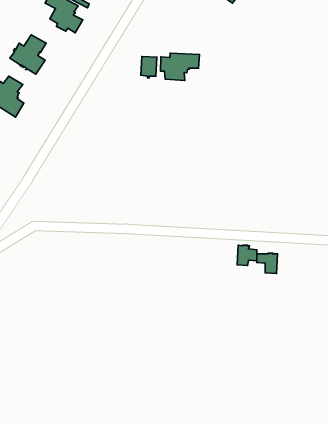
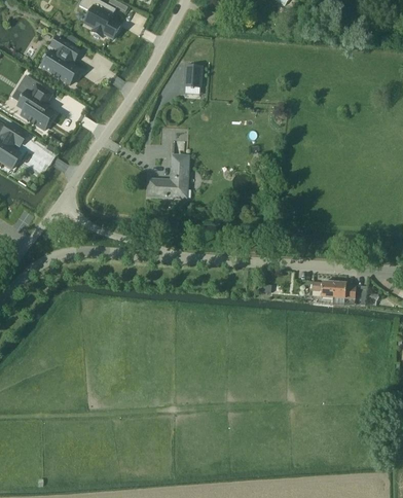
building: [161,53,200,81] -> none
building: none -> [146,153,190,197]
building: [237,245,257,266] -> [332,280,354,303]

